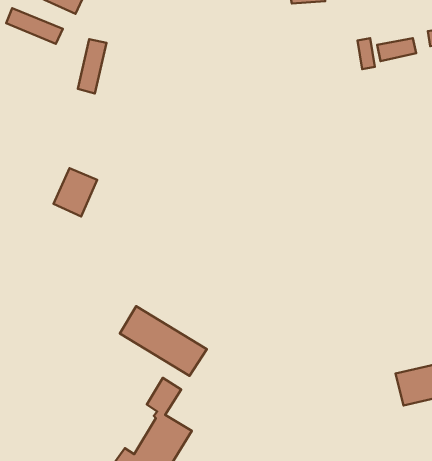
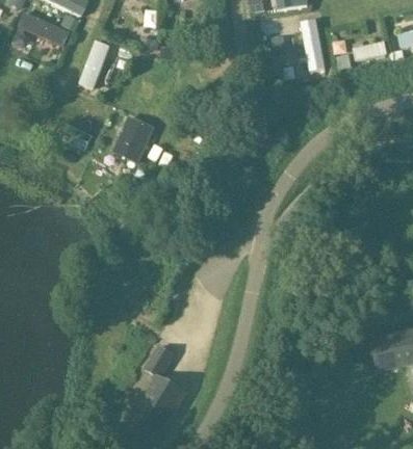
building: none -> [301,18,325,70]
building: [53,168,97,217] -> [112,117,152,161]
building: [120,306,207,376] -> none

